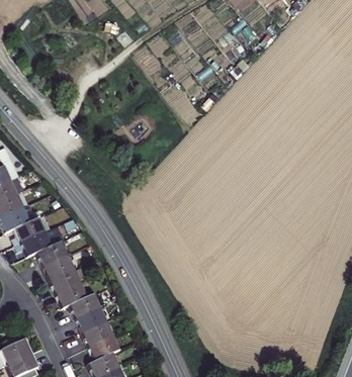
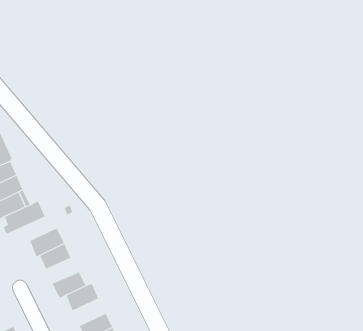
building: [12,228,58,259] -> none
building: [50,269,82,294] -> none
building: [75,308,107,335] -> none

